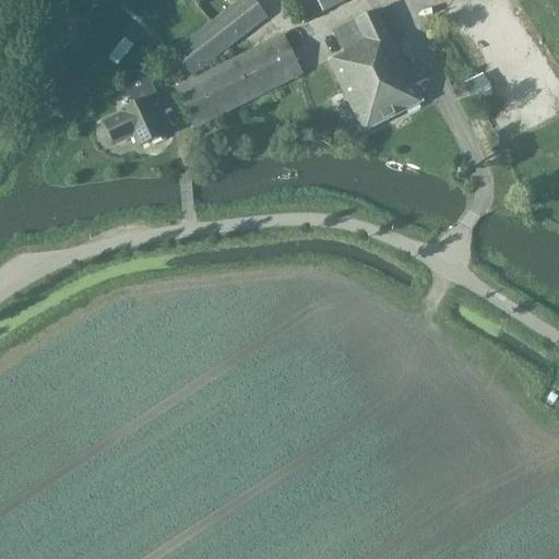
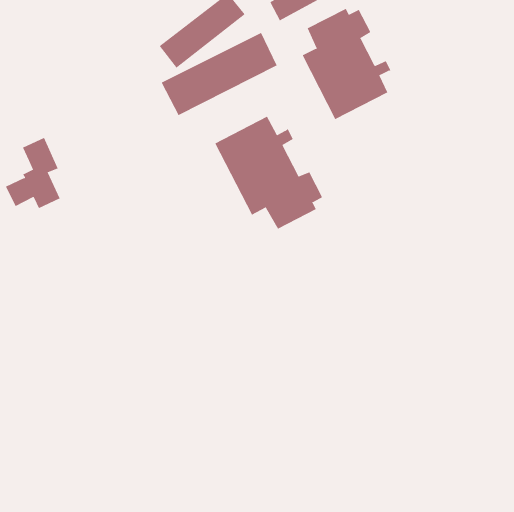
building: [103,68,163,145] -> [5,137,60,209]
building: none -> [214,116,323,230]

